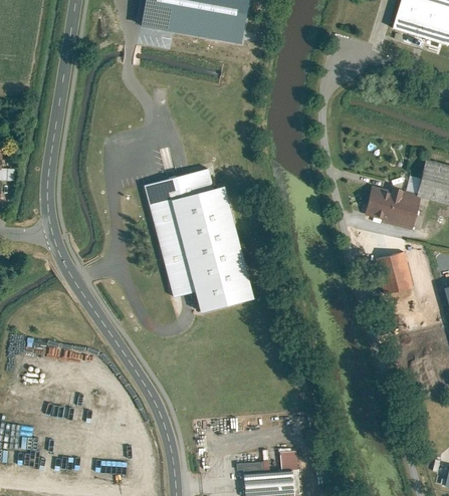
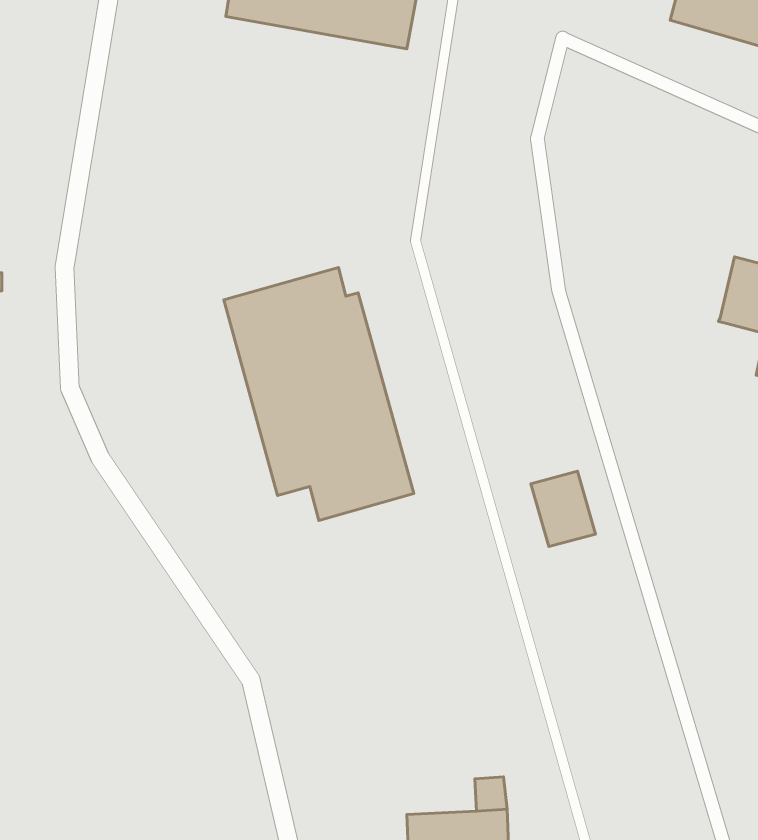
building: [366,185,422,227] -> none
building: [378,251,414,293] -> [531,471,595,547]

